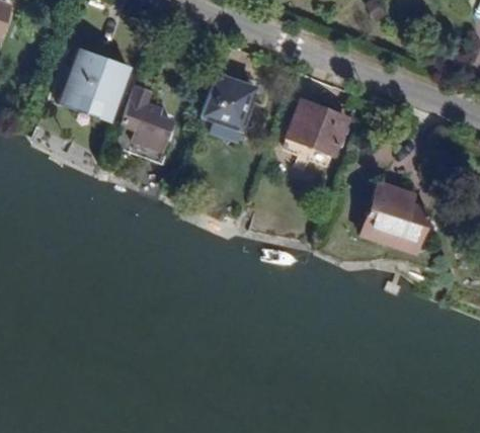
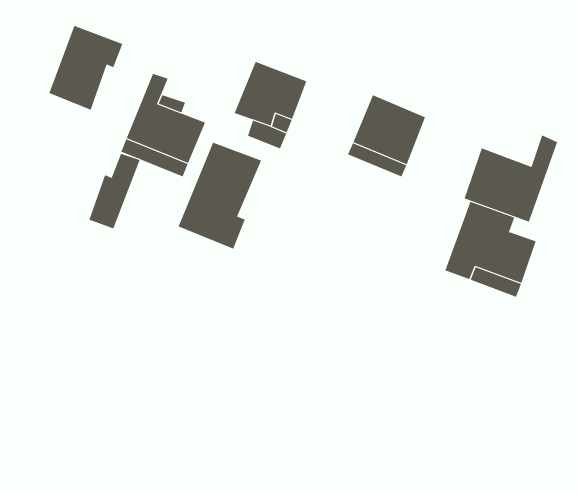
building: [91,62,131,119] -> [88,153,140,229]
building: none -> [464,135,558,222]
building: none -> [178,142,262,250]

